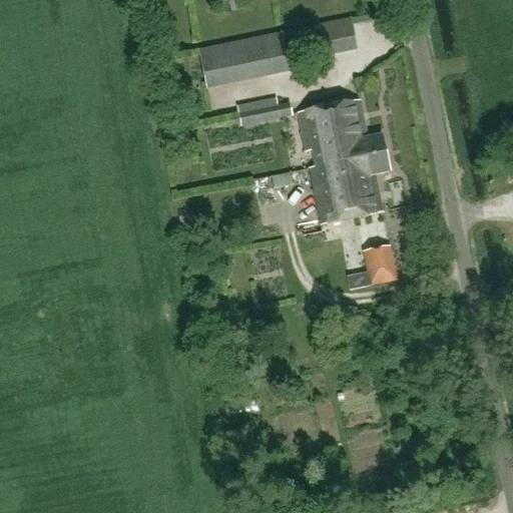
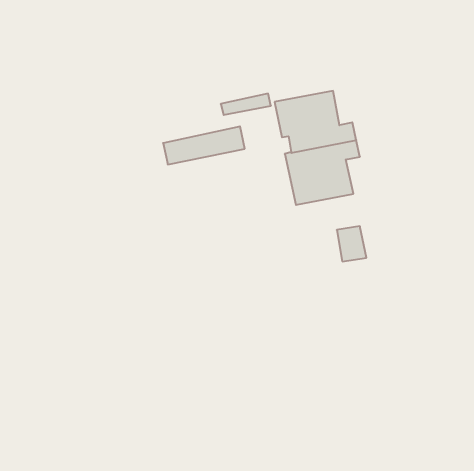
building: [325,24,361,51] -> none
building: [203,42,292,83] -> [163,126,245,164]

